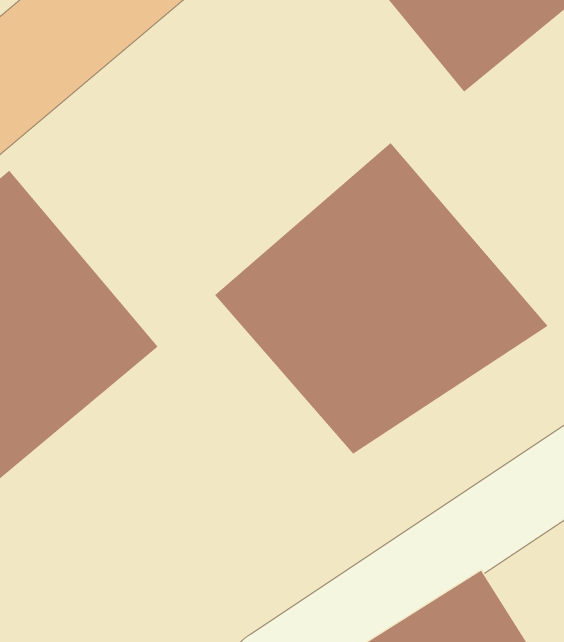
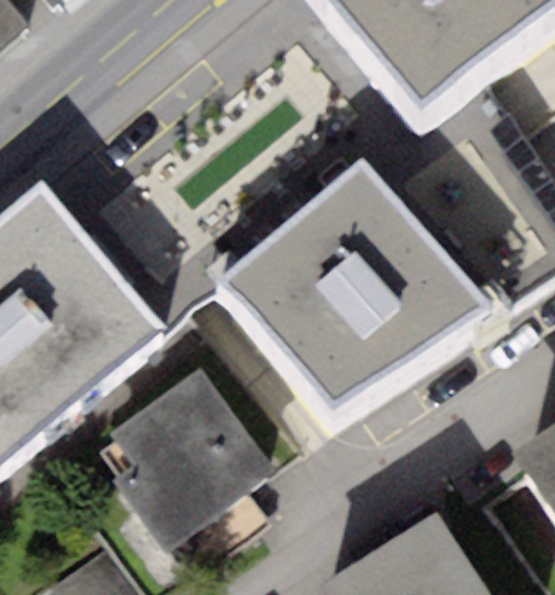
building: none -> [100,364,274,549]

